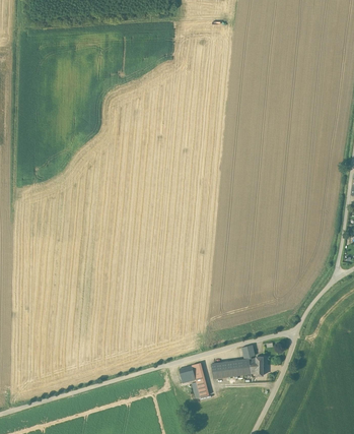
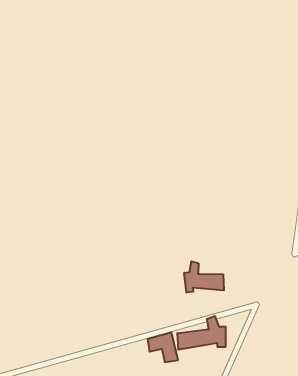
building: none -> [184,261,224,293]

